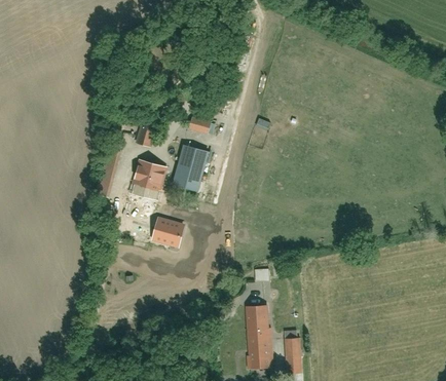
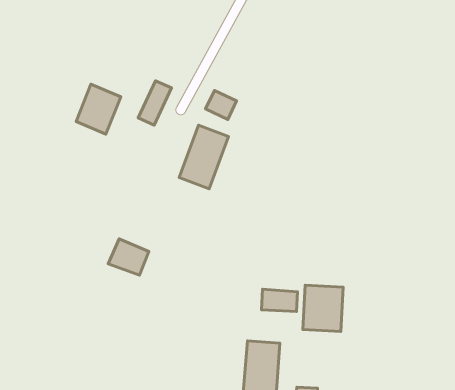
building: [131,159,163,197] -> [76,84,121,134]
building: [151,217,182,243] -> [108,239,149,275]
building: none -> [303,285,343,331]

